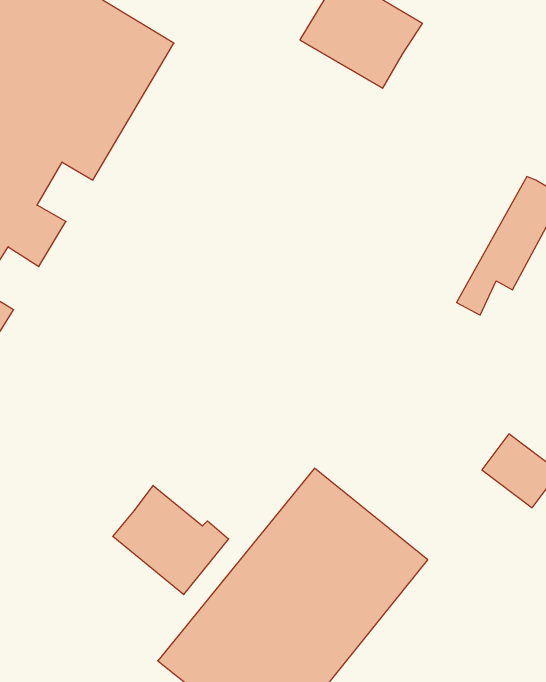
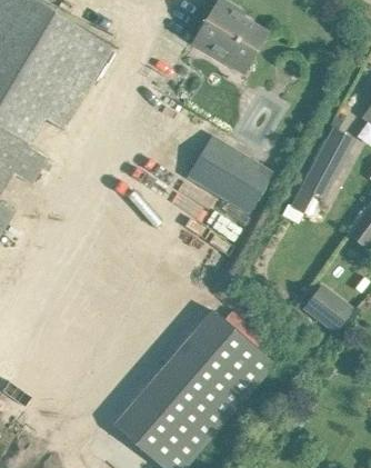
building: none -> [182,132,273,215]
building: [113,485,229,595] -> none

